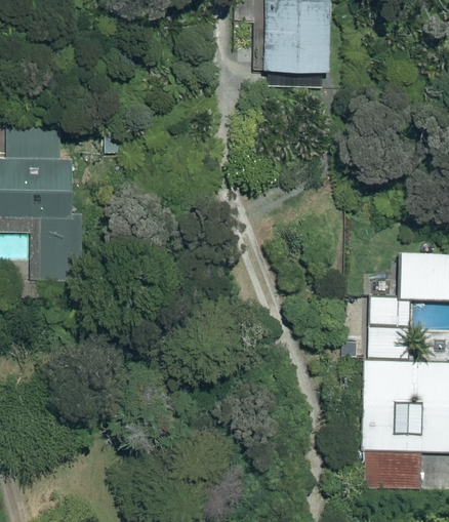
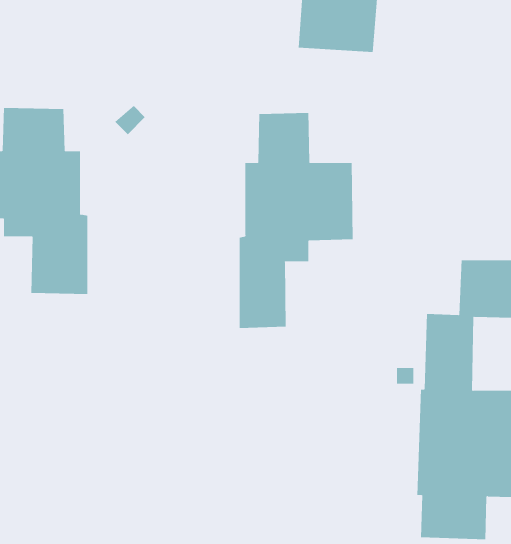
building: none -> [239,112,353,329]

